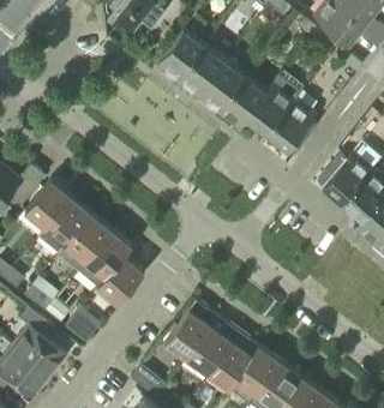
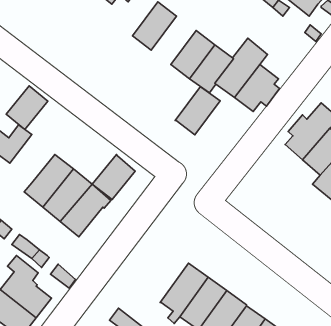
building: [176,46,226,98] -> [175,87,220,135]
building: [25,180,71,228] -> [6,86,48,130]
building: [97,254,144,304] -> [92,155,135,200]
building: [164,300,217,359] -> none

